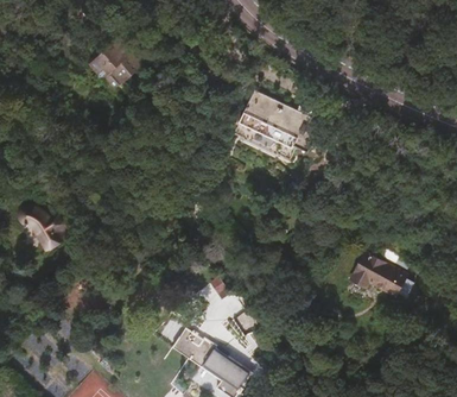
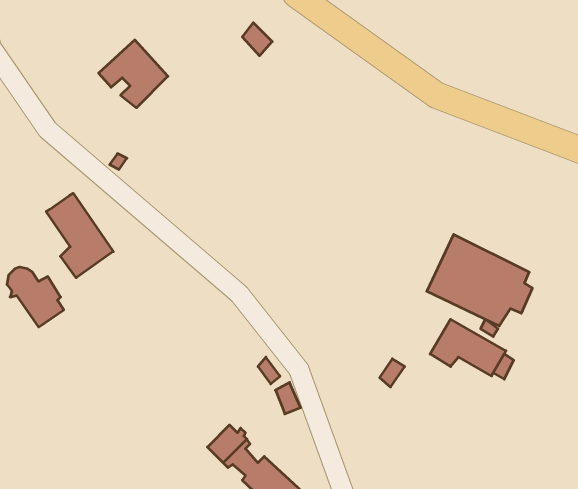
building: [241,90,320,159] -> [427,234,532,326]
building: none -> [46,193,113,278]

